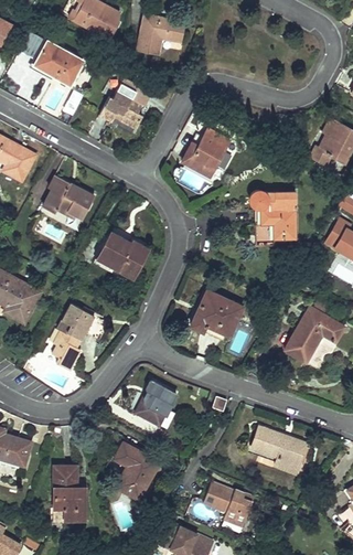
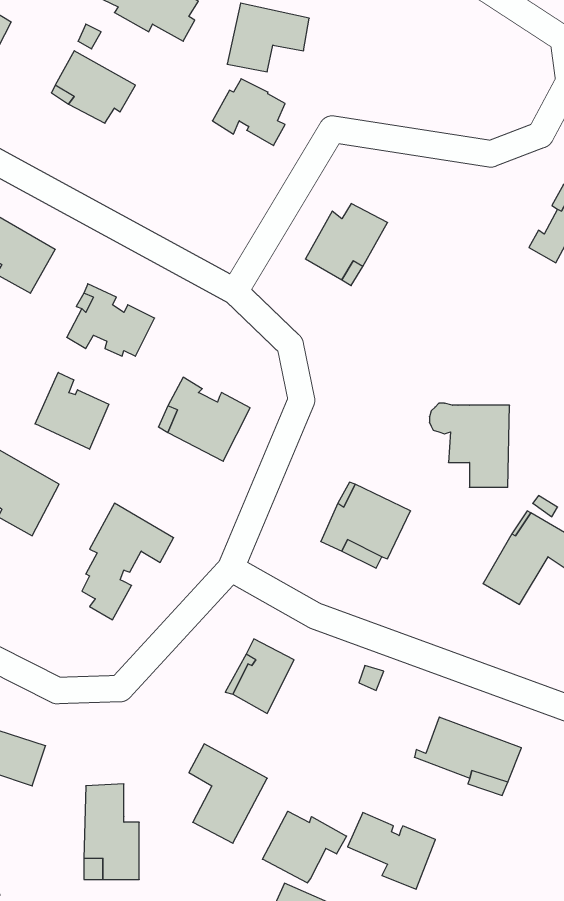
building: [99,89,141,128] -> [212,79,285,146]
building: [249,190,296,238] -> [429,403,510,487]
building: none -> [35,372,109,449]
building: none -> [262,811,347,883]

